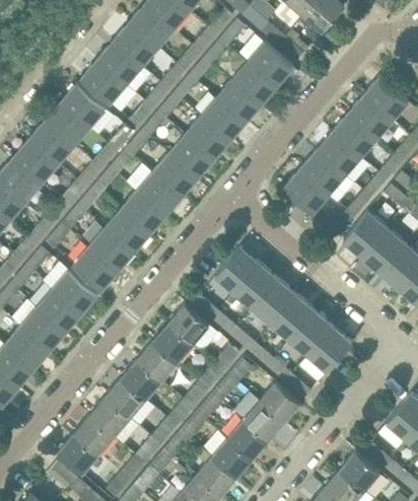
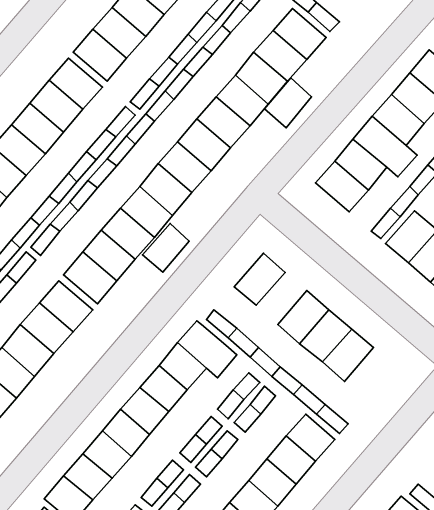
building: none -> [264,78,312,128]
building: none -> [142,224,189,272]
building: [234,264,277,307] -> none
building: [308,327,352,371] -> none

